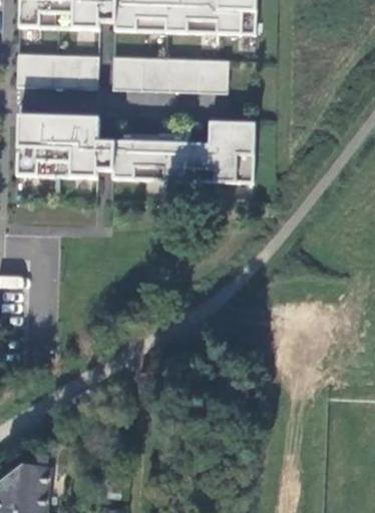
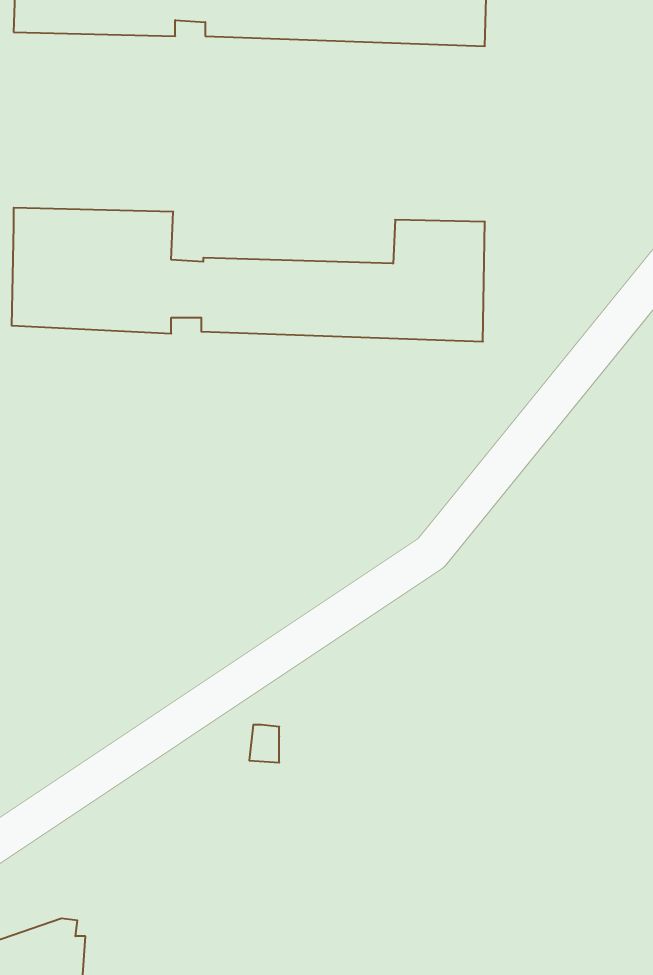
building: [16,53,98,88] -> none
building: [112,56,228,92] -> none

